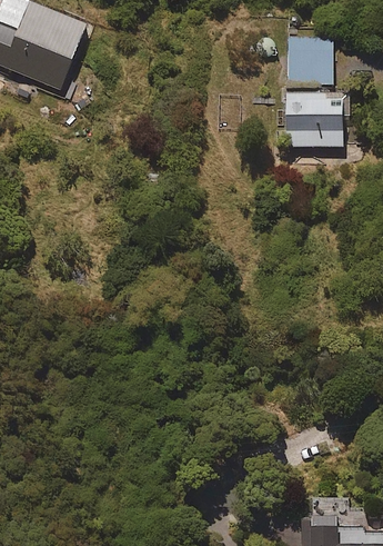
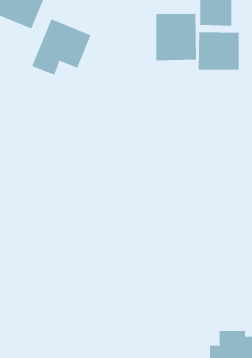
building: none -> [156,13,197,61]
building: none -> [32,19,91,76]

